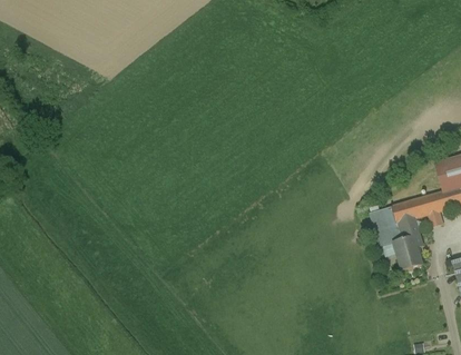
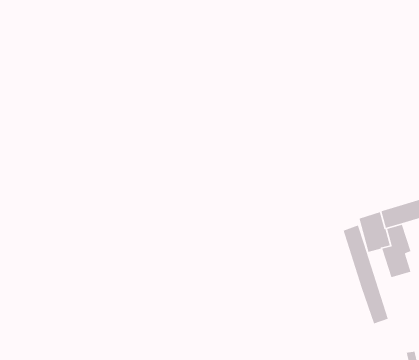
building: none -> [342,225,389,325]

